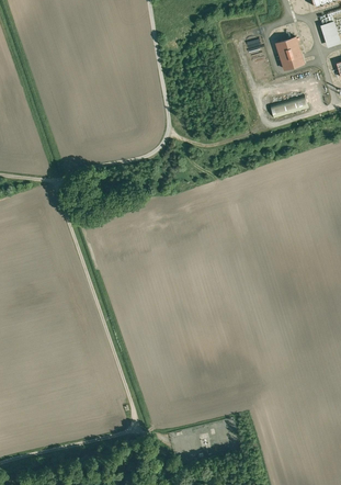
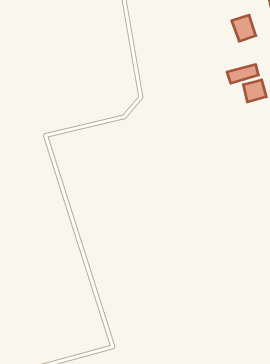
building: none -> [243,80,266,102]

